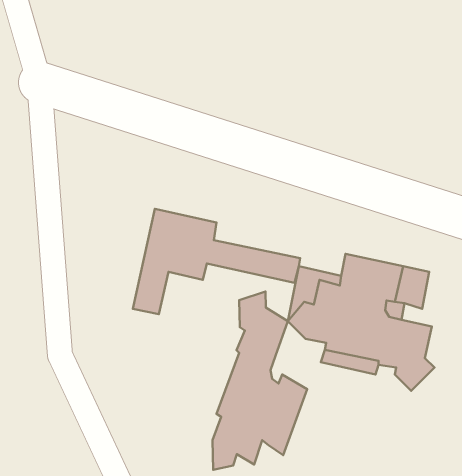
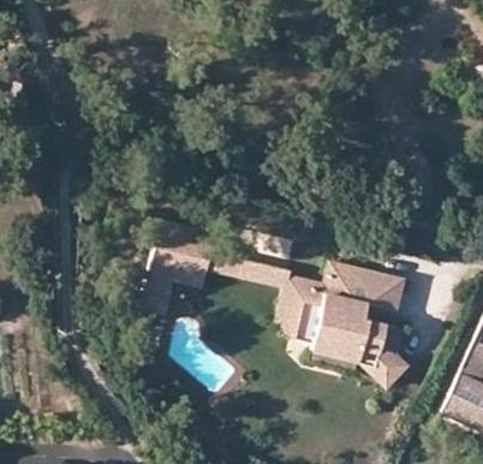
building: [213,292,307,470] -> none

